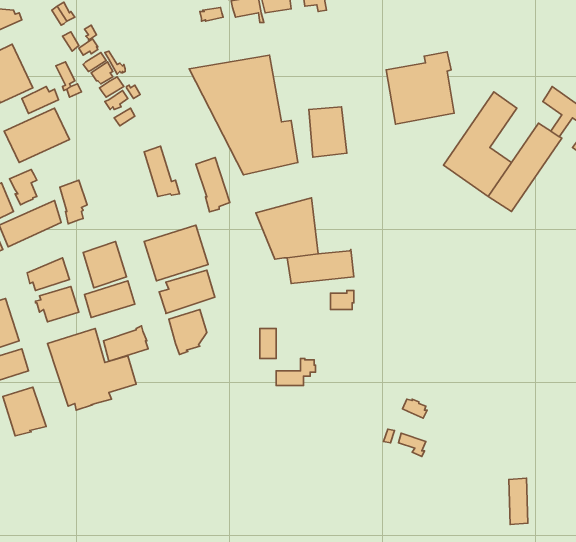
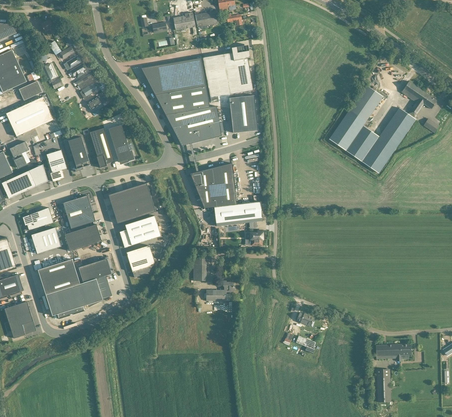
building: [386,52,454,124] -> [202,44,252,97]
building: [196,157,230,212] -> [89,127,114,167]
building: none -> [67,136,88,171]
building: none -> [375,343,411,360]

